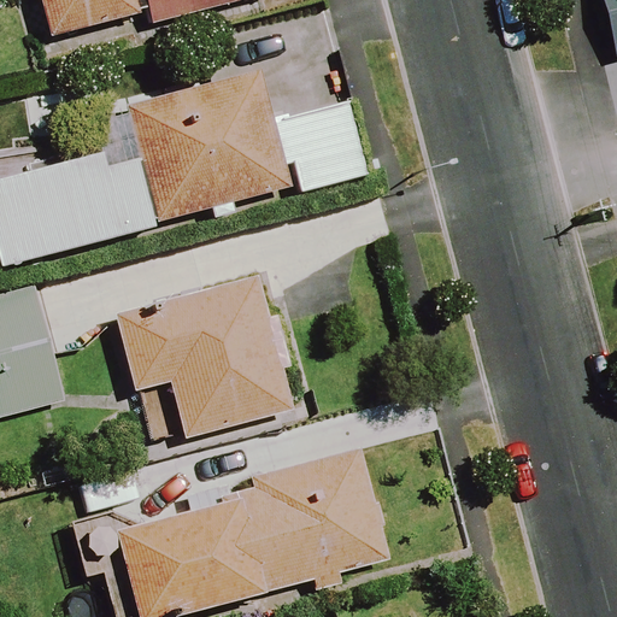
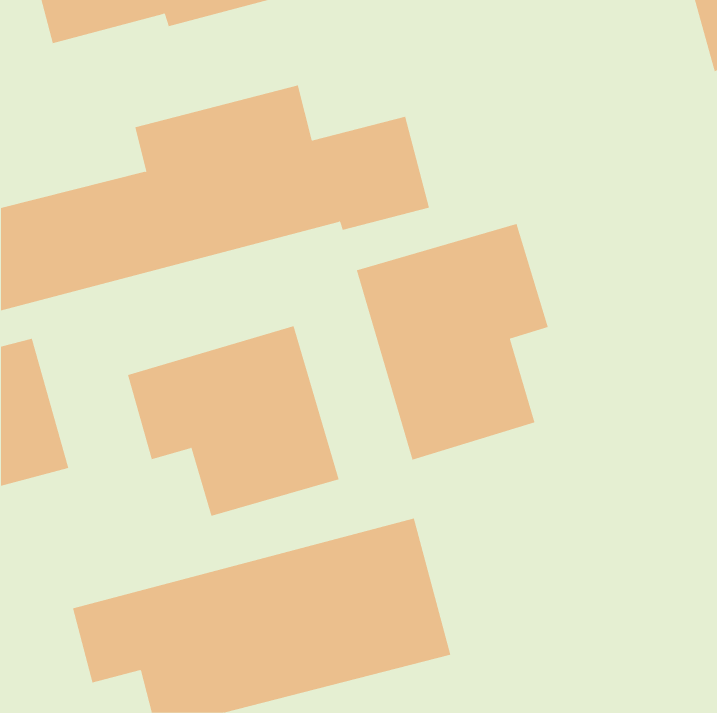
building: none -> [356,223,548,460]

